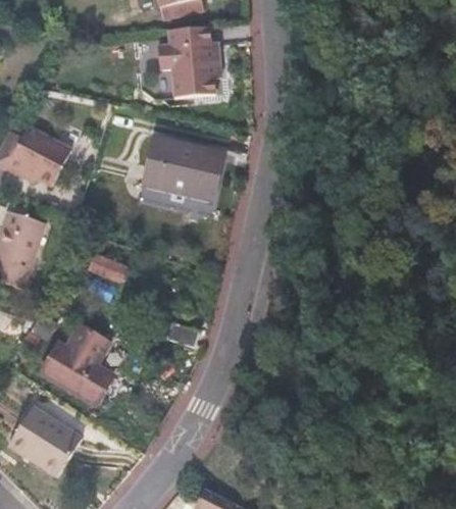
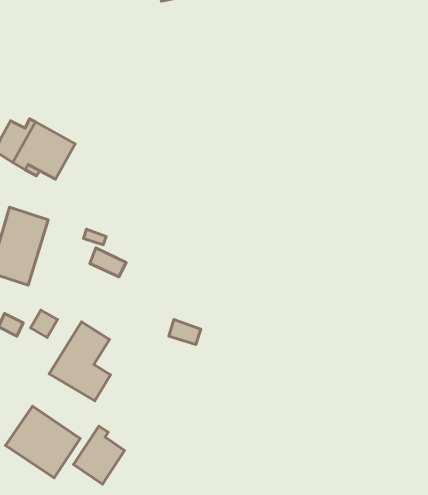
building: [159,30,220,101] -> none
building: [136,140,216,204] -> none
building: none -> [74,426,125,484]

